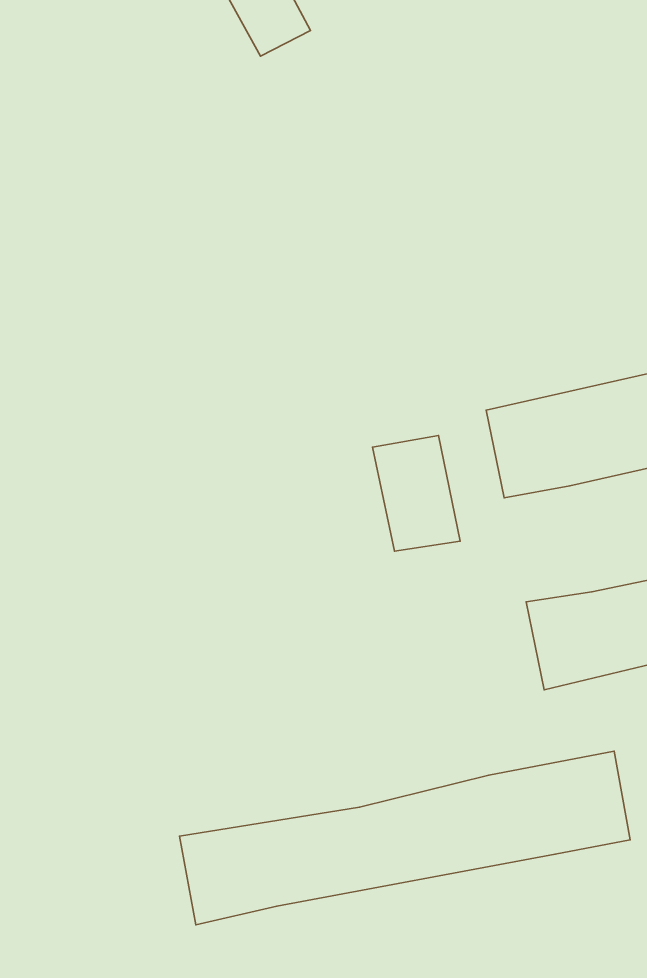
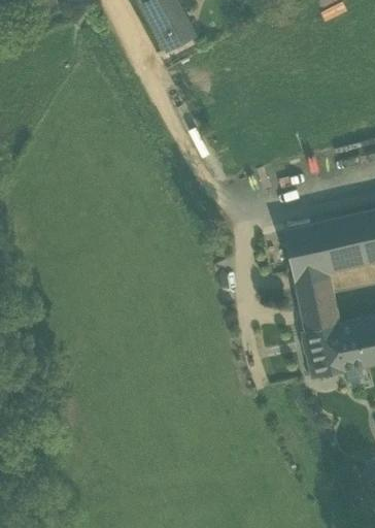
building: [372,435,460,551] -> [293,270,338,330]
building: [179,751,630,925] -> none

